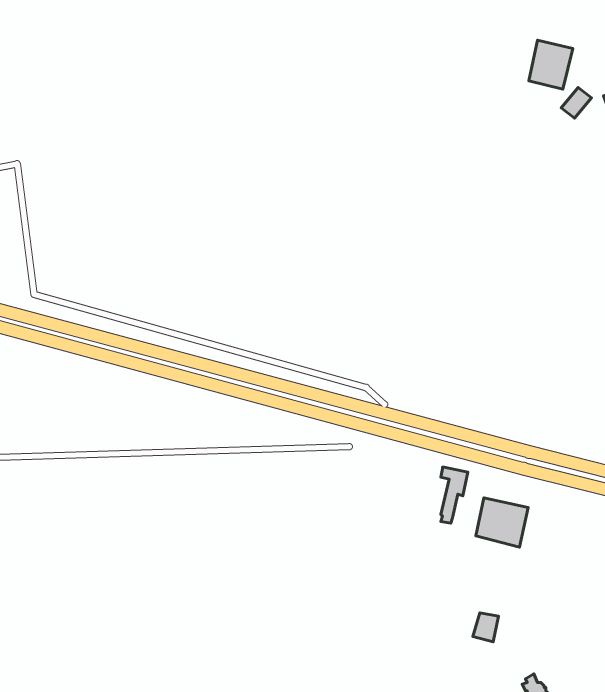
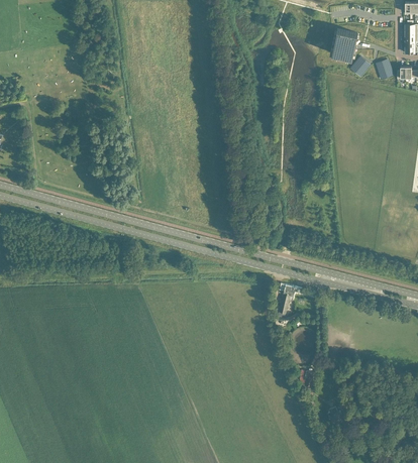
building: [476,498,528,547] -> none

